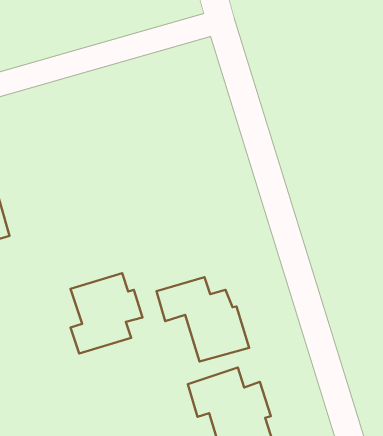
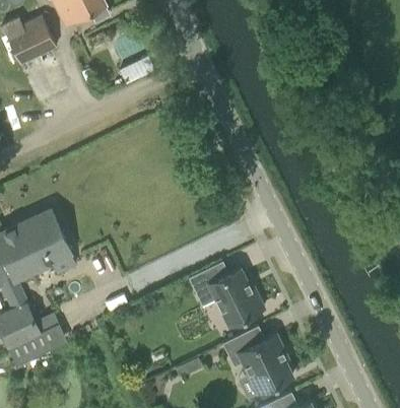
building: [70,273,143,353] -> none

